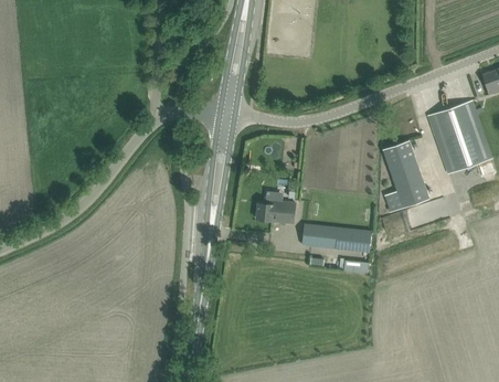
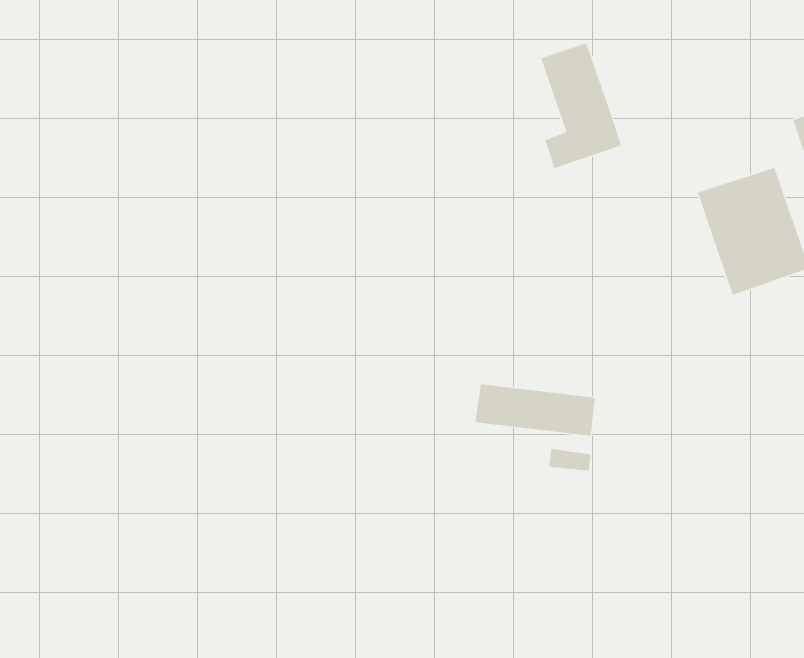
building: [382,140,428,212] -> [540,42,622,169]
building: [255,200,295,223] -> none

